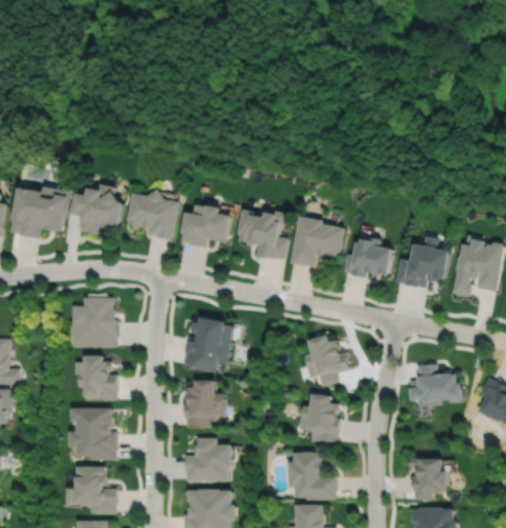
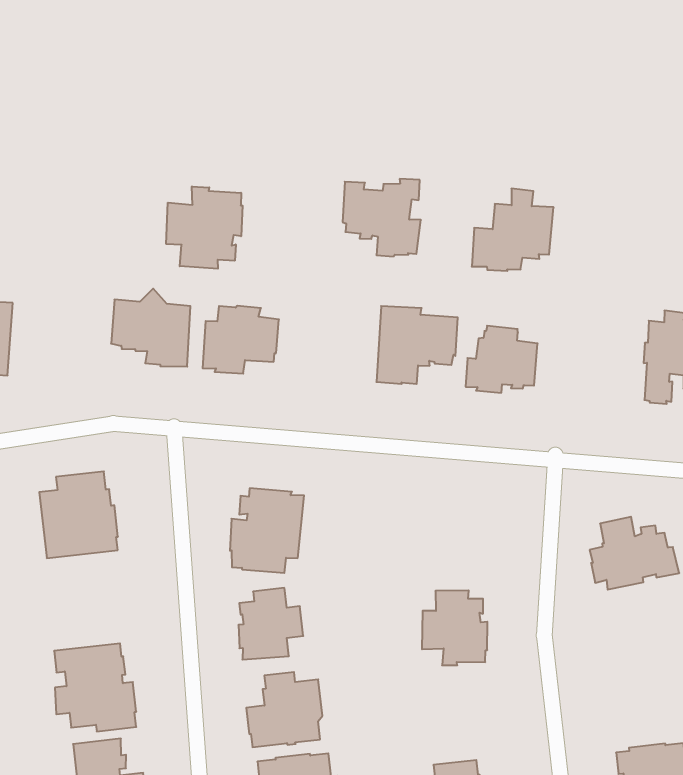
building: none -> [166,186,243,269]
building: [69,186,125,235] -> none
building: [239,210,290,260] -> [343,179,421,256]
building: [395,237,449,288] -> [472,189,554,271]
building: [303,337,349,387] -> none
building: [75,358,117,401] -> none
building: [290,451,335,499] -> none
building: [409,459,446,499] -> none

